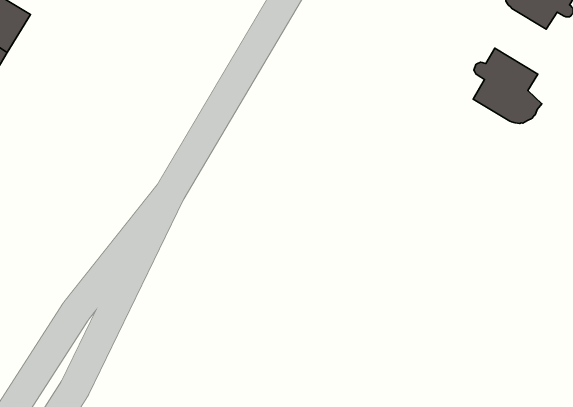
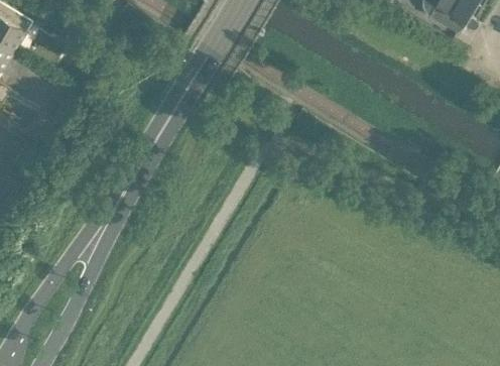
building: [473,48,542,123] -> none

